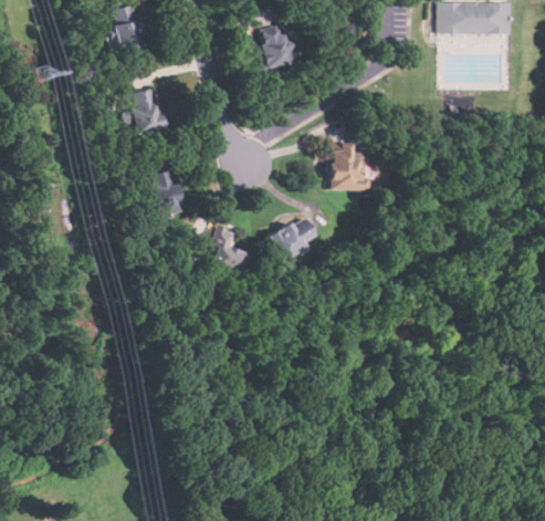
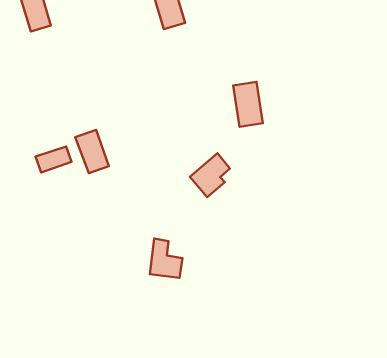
building: [129,86,165,133] -> none
building: none -> [36,146,72,172]
building: [209,225,248,272] -> [150,238,182,278]

